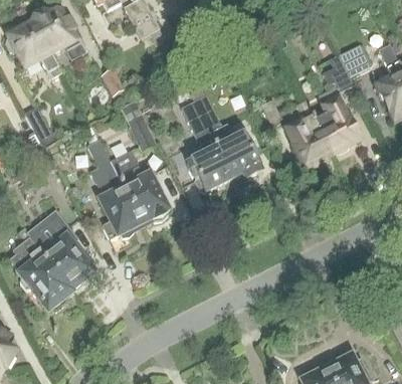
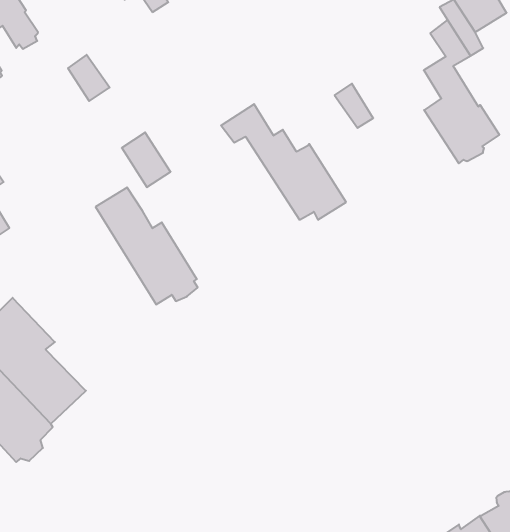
building: [180,79,232,192] -> none
building: [285,100,332,167] -> none
building: [86,138,141,238] -> none

